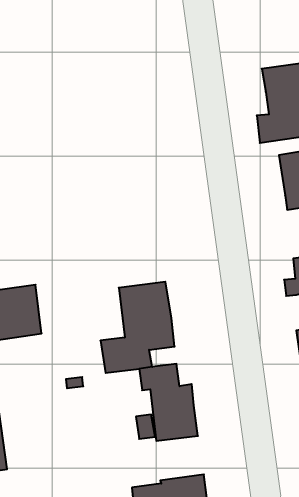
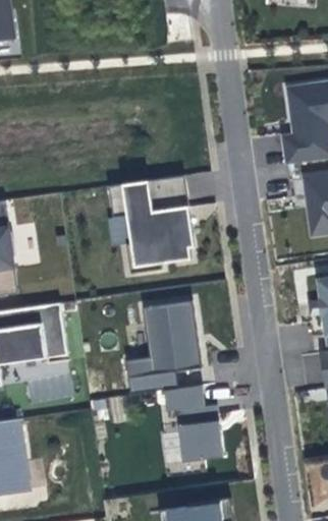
building: none -> [109,177,194,276]

